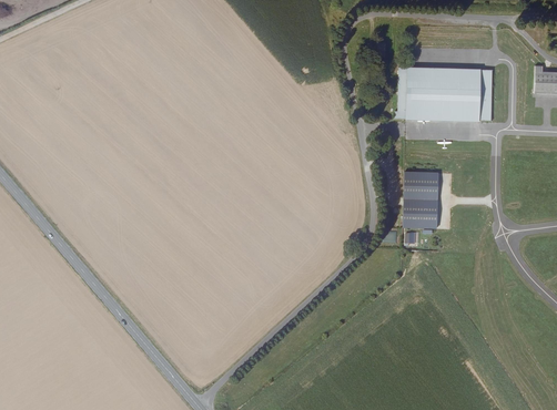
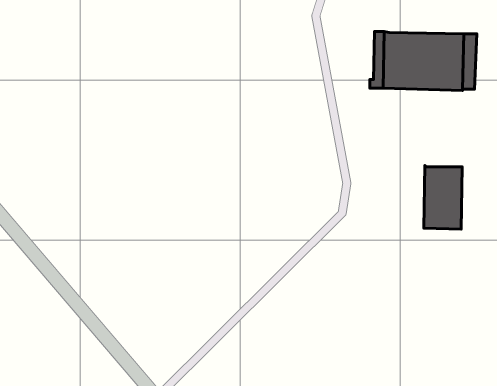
building: [403,171,438,229] -> [424,165,462,229]

